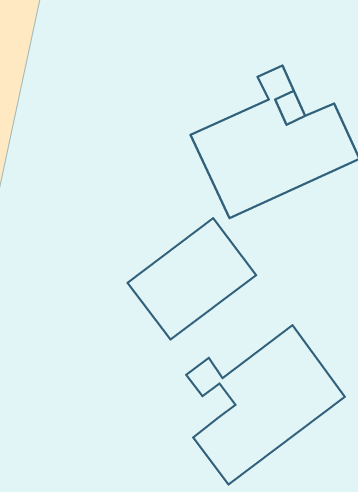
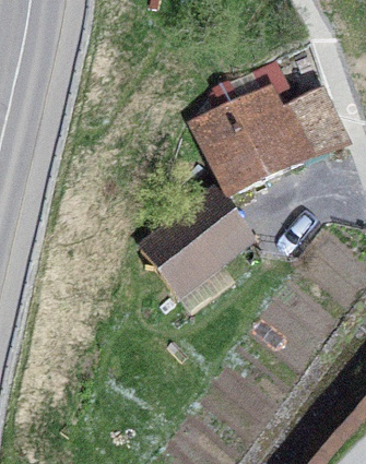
building: [186,325,345,484] -> none

